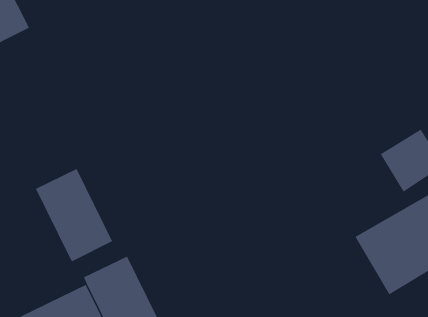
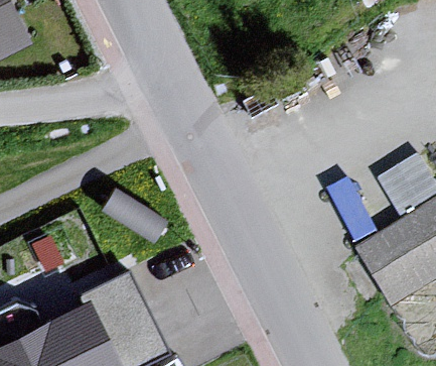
building: [35,168,113,262] -> none

